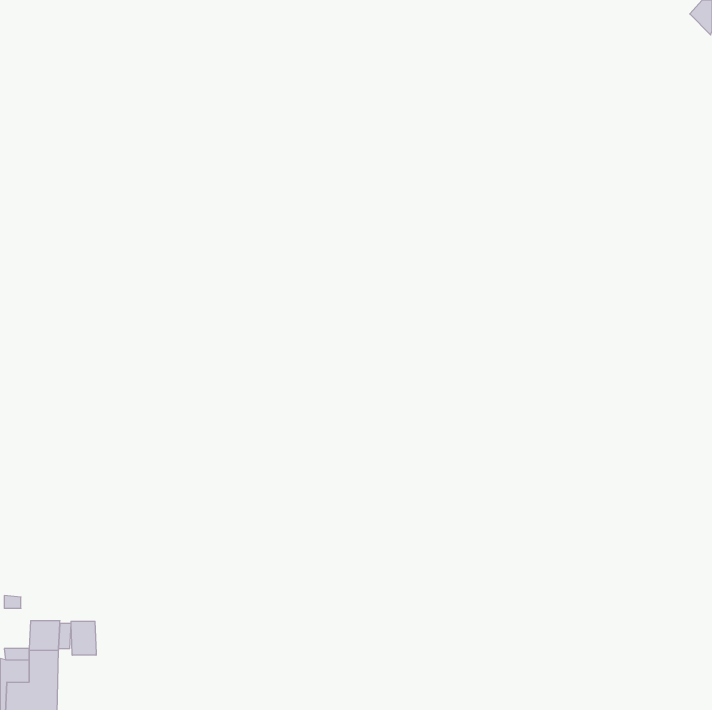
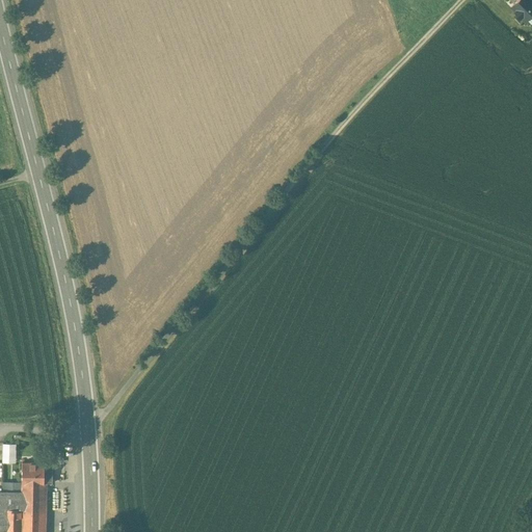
building: [71,621,96,655] -> none

